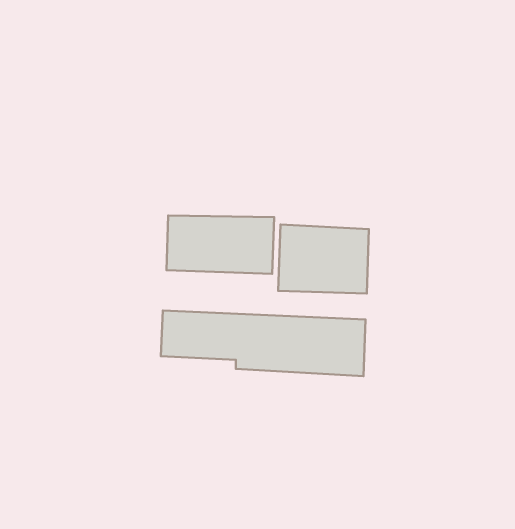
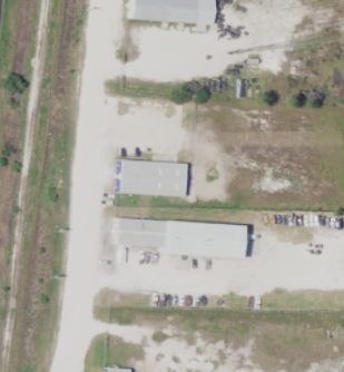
building: [278,225,369,293] -> none

